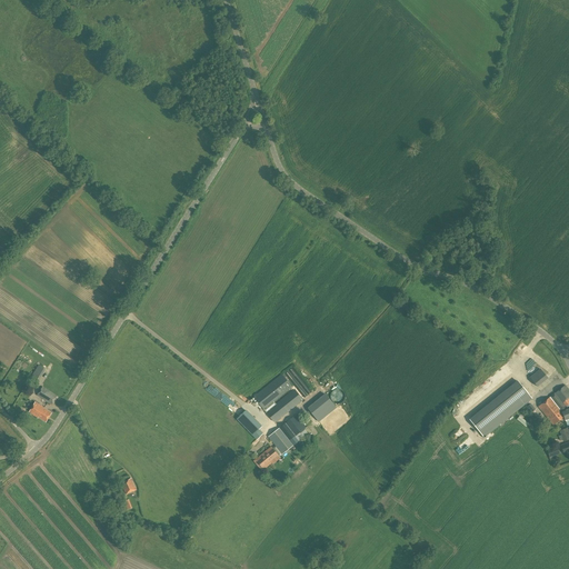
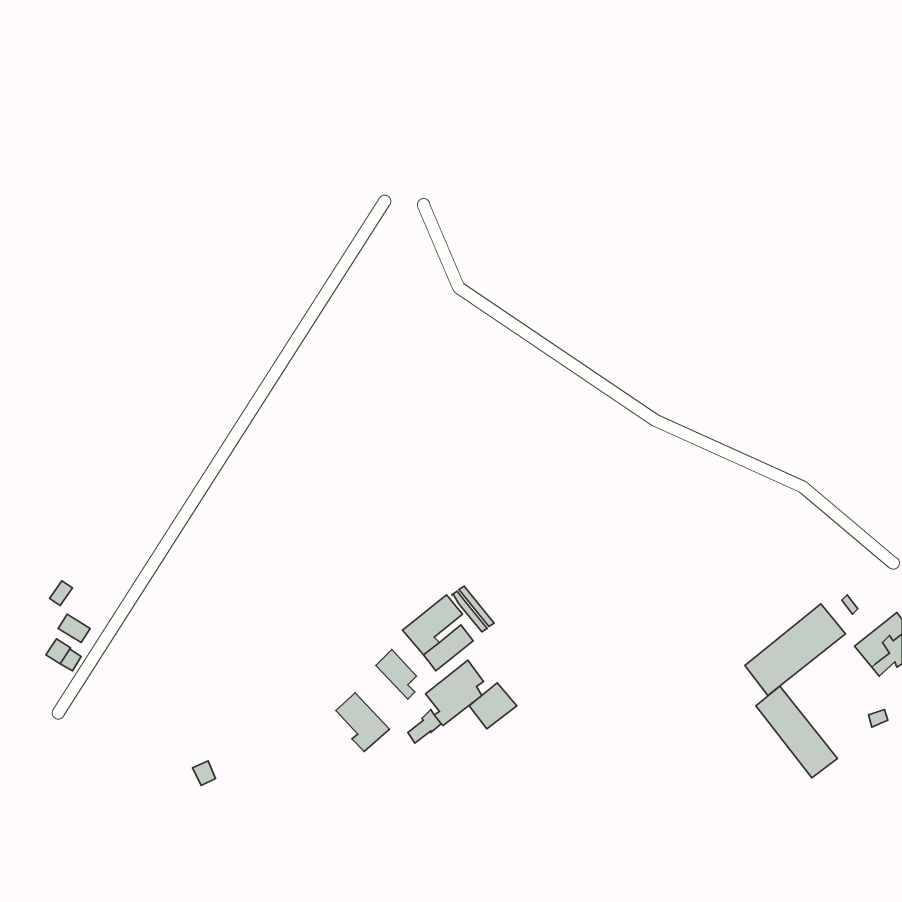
building: [308,392,338,421] -> [469,683,517,729]
building: none -> [756,686,837,778]
building: none -> [336,693,389,752]

